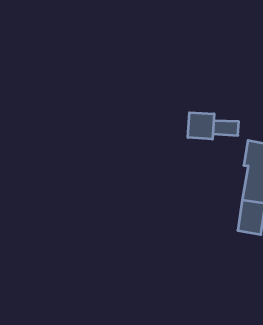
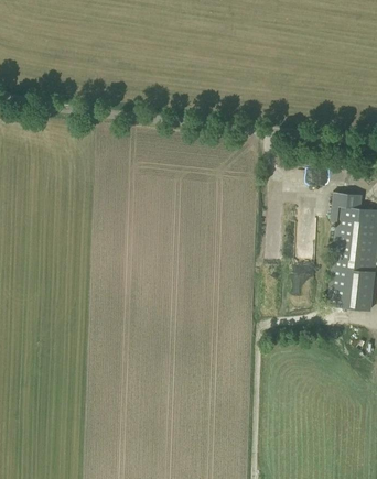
building: [188,113,214,139] -> none

